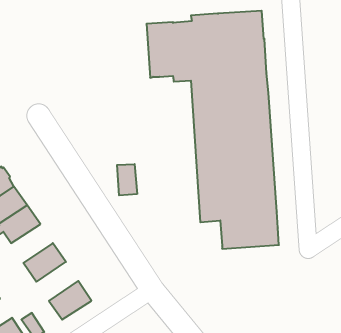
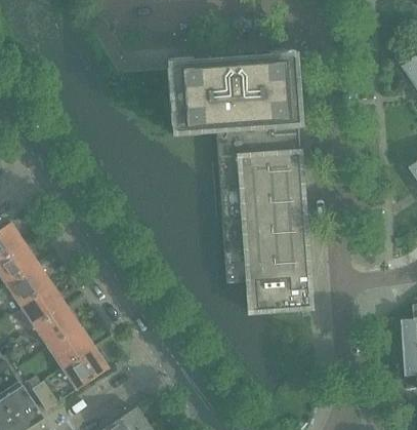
building: [117,164,137,195] -> none
building: none -> [22,285,67,331]
building: none -> [49,326,94,368]

